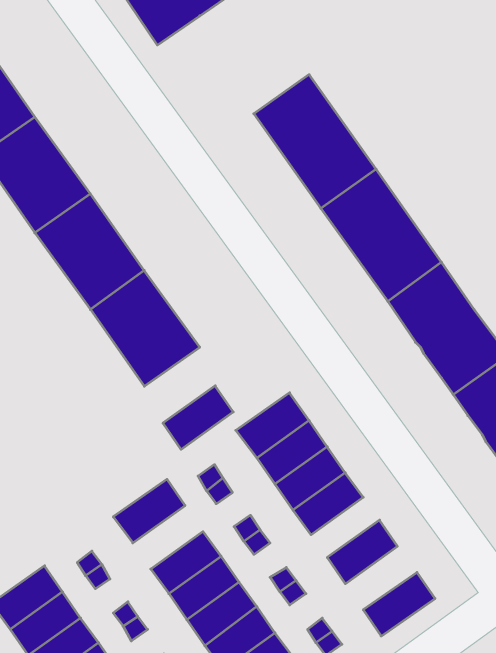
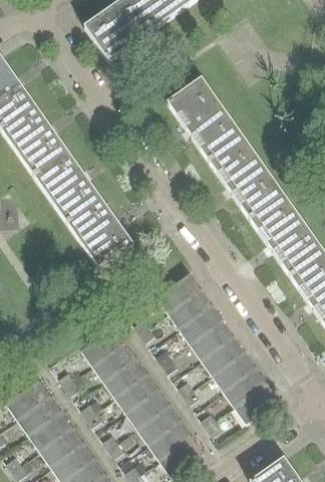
building: [163,386,233,449] -> [93,342,136,382]
building: none -> [203,337,245,375]
building: none -> [224,368,268,407]

